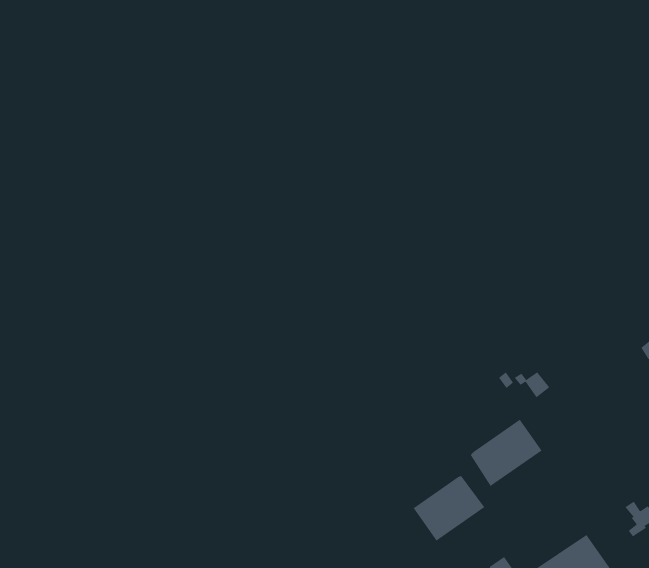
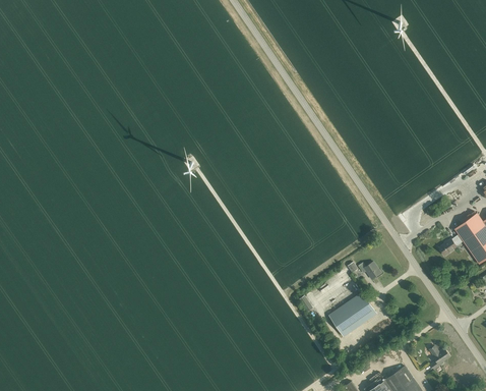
building: [413,475,485,542] -> none

